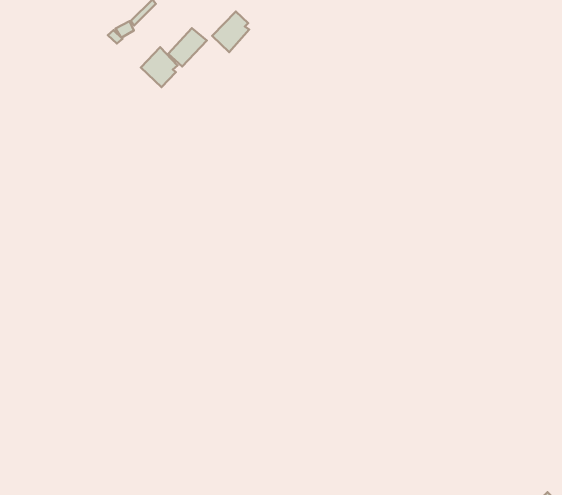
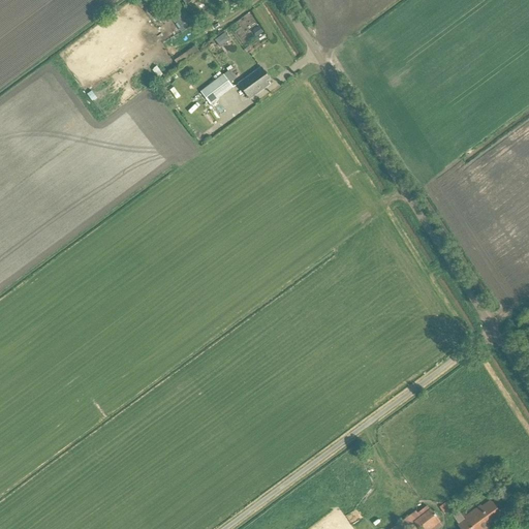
building: [141,47,178,87] -> none

